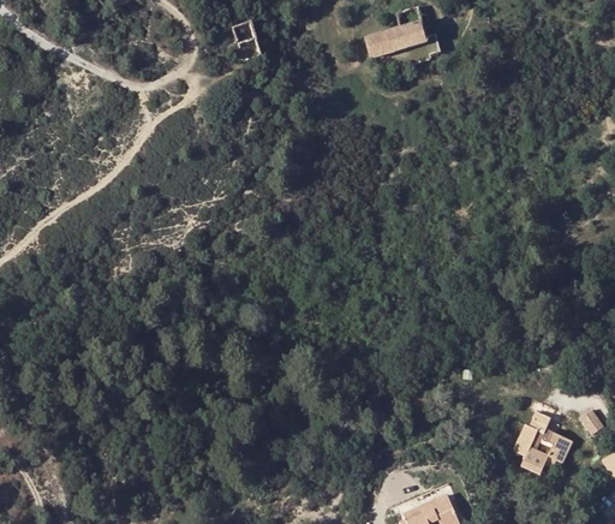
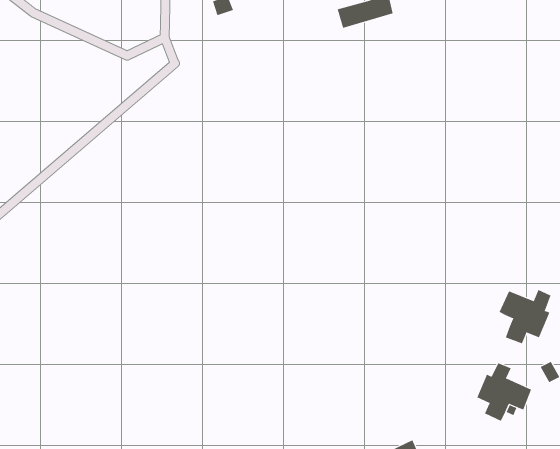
building: none -> [499,289,551,344]

